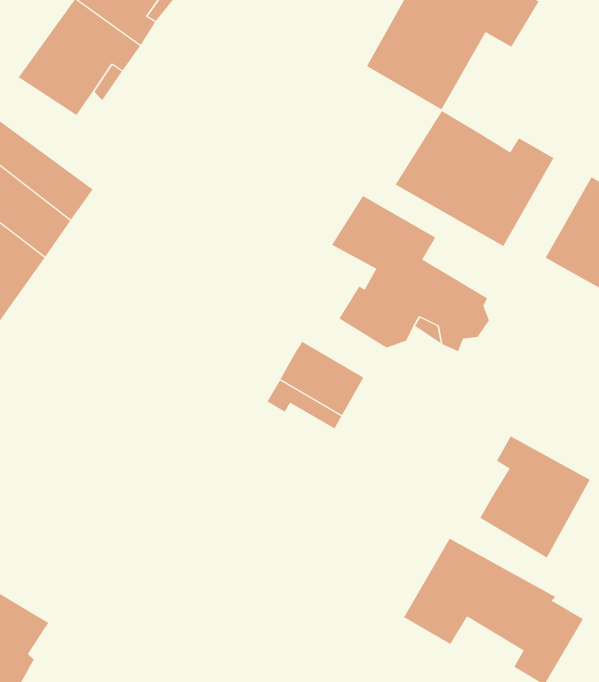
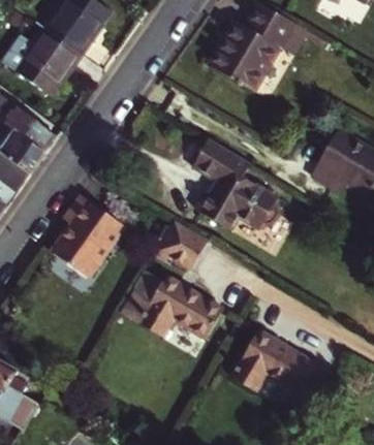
building: [395,110,554,247] -> none
building: none -> [50,193,124,277]
building: none -> [120,268,223,338]
building: [479,436,590,559] -> none

